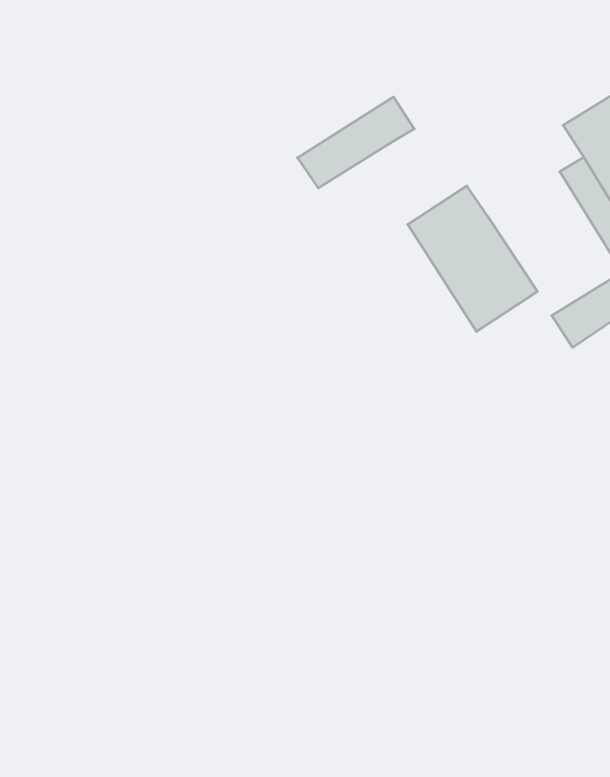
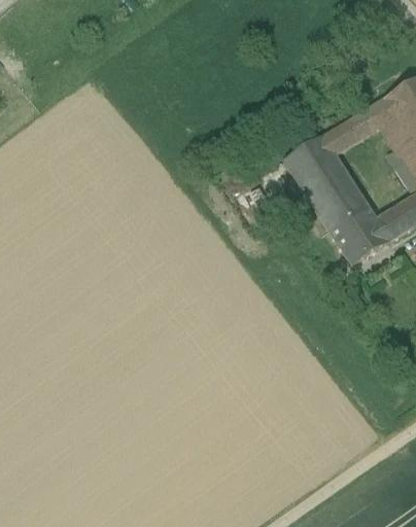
building: [297,97,414,188] -> [321,96,396,154]
building: none -> [327,203,389,262]

